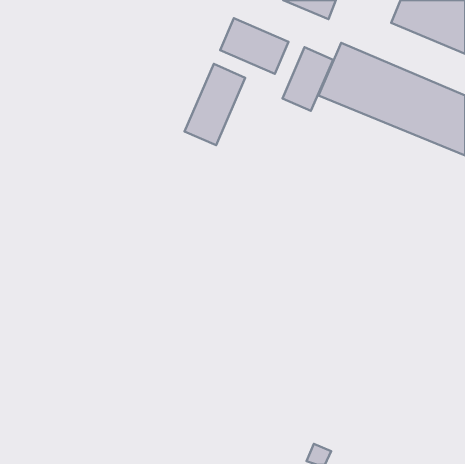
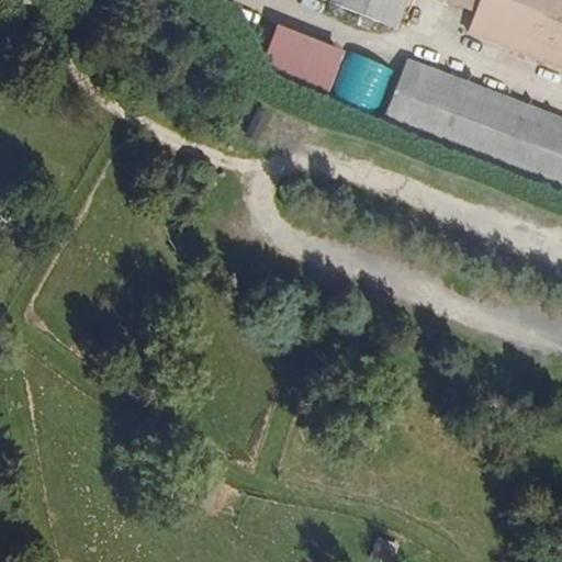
building: [282,47,333,111] -> none
building: [185,64,245,145] -> none

